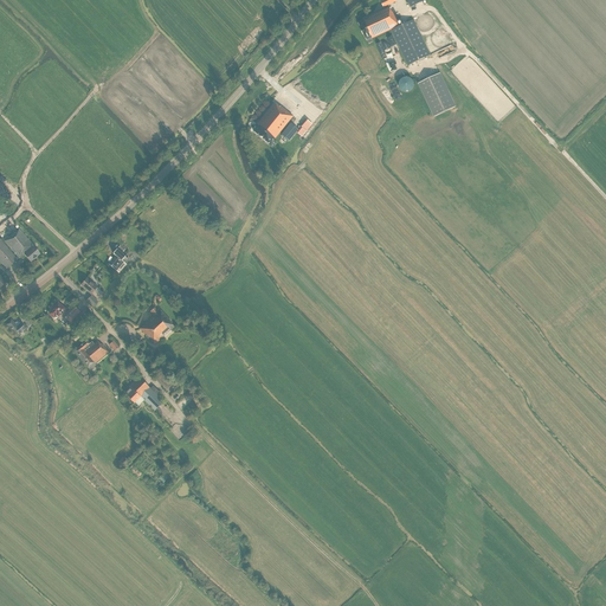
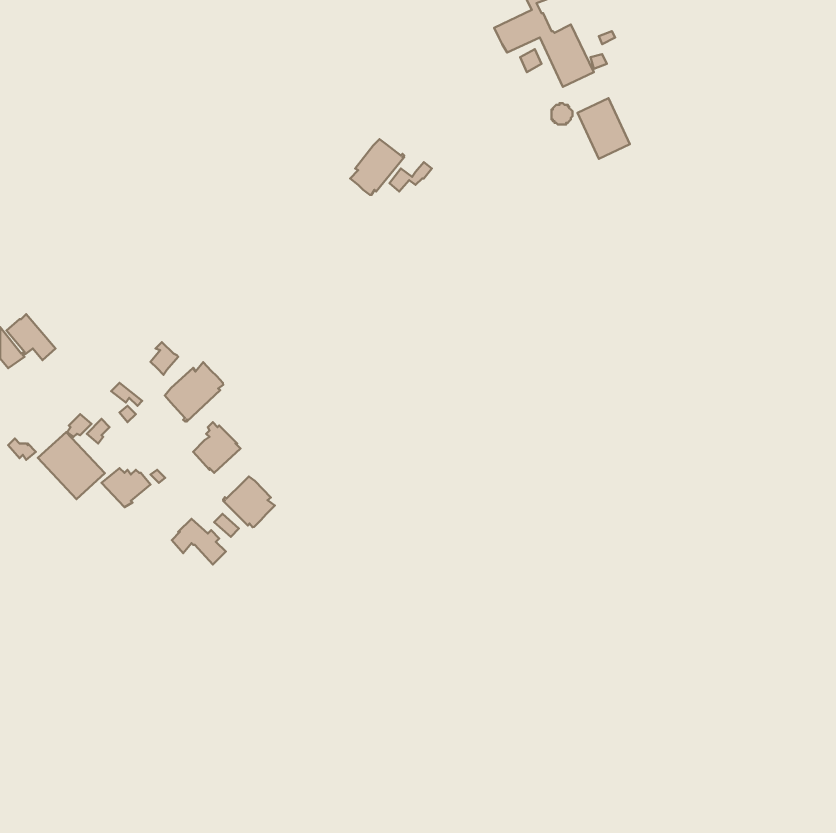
building: none -> [165,362,223,421]
building: none -> [38,432,105,499]
building: none -> [223,477,275,527]

